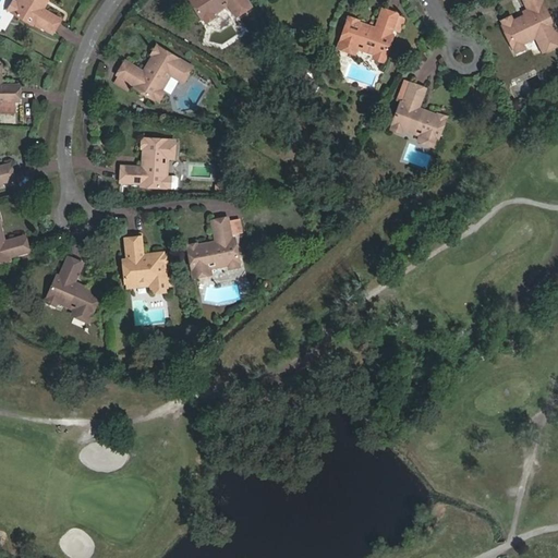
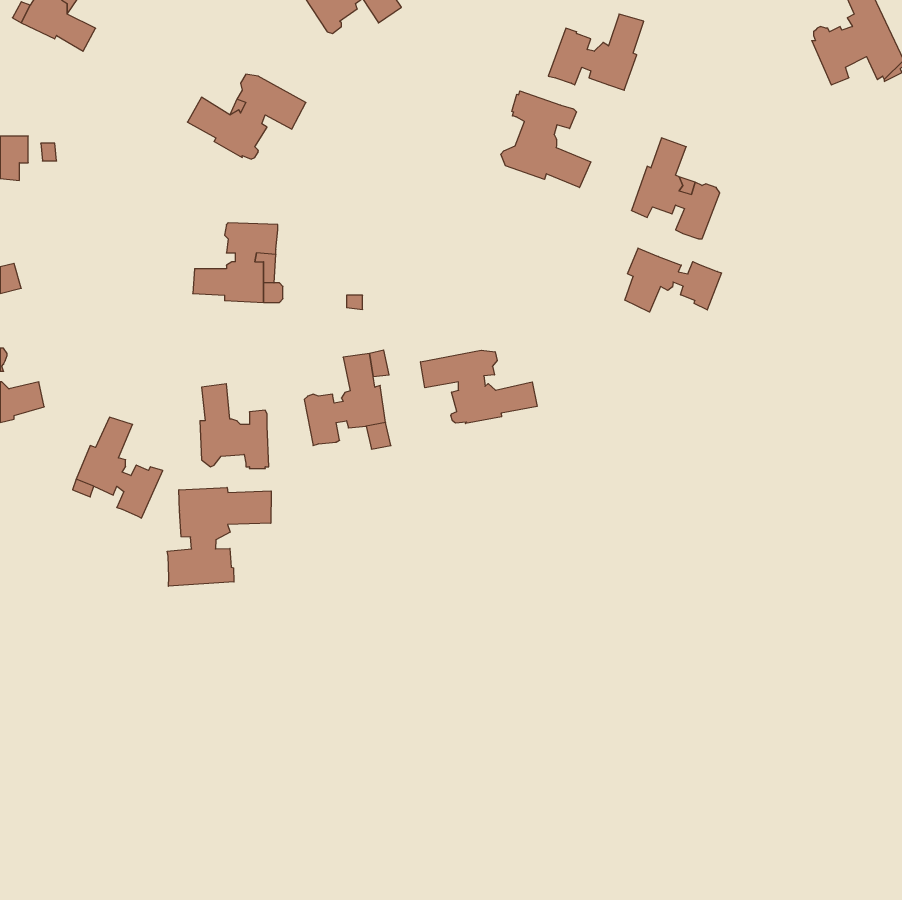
building: none -> [501,91,591,188]
building: none -> [625,248,721,312]
building: none -> [421,350,537,424]
building: none -> [167,487,271,586]

